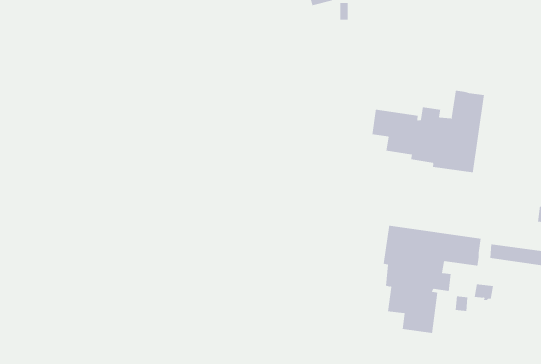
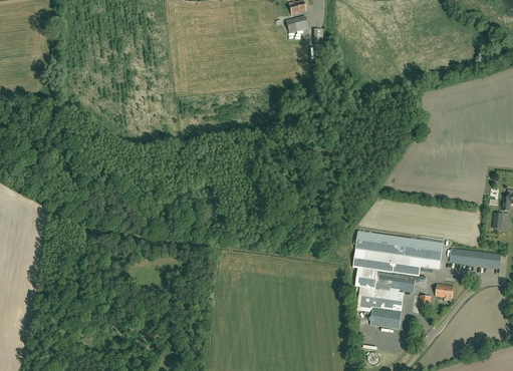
building: [372,90,484,173] -> none

